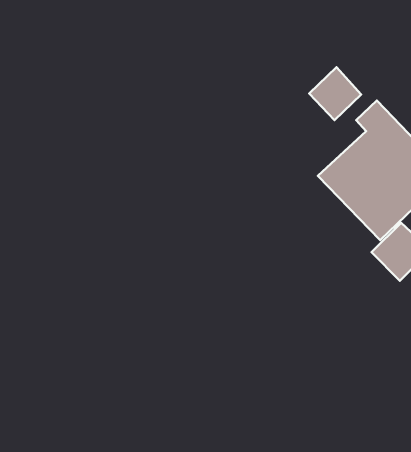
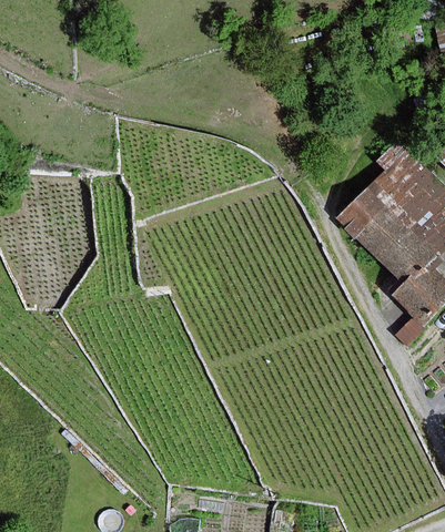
building: [309,67,361,120] -> none

